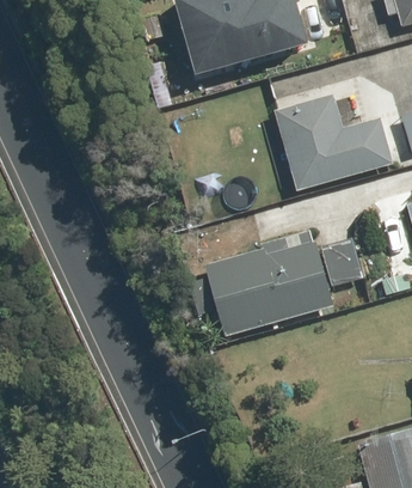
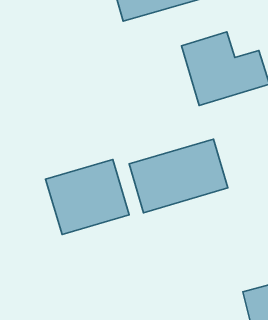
building: none -> [46,159,129,235]

